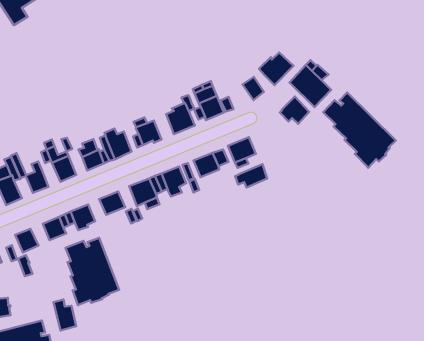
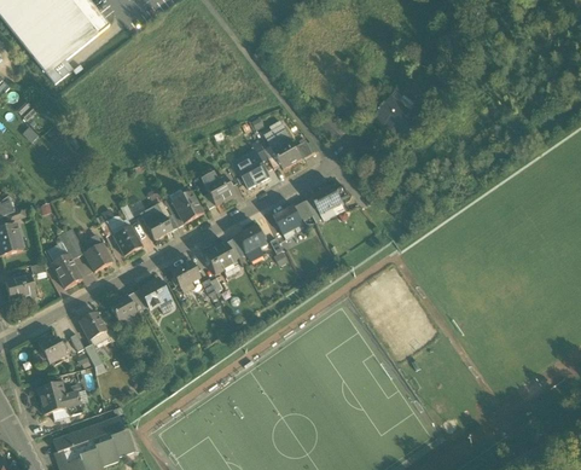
building: [259,53,293,85] -> none
building: [323,93,396,168] -> none
building: [280,96,309,124] -> none
building: [235,164,267,187] -> none
building: [66,238,119,305] -> none
building: [54,300,76,330] -> none

